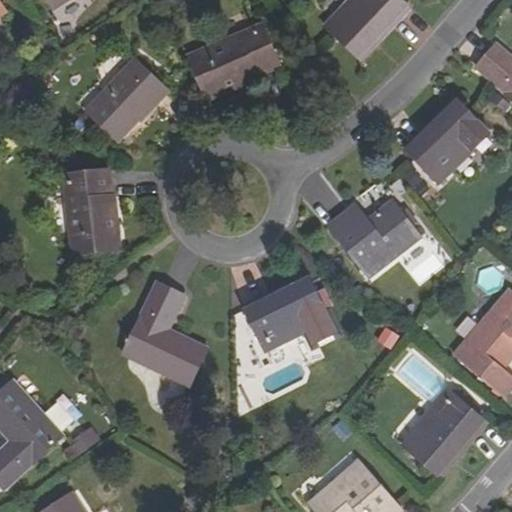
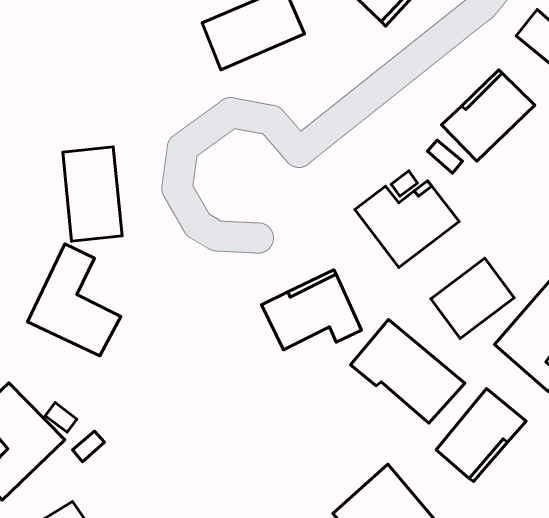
building: [77,65,161,148] -> none
building: none -> [431,258,514,339]
building: [121,283,206,385] -> [27,244,121,356]
building: none -> [350,320,465,423]

